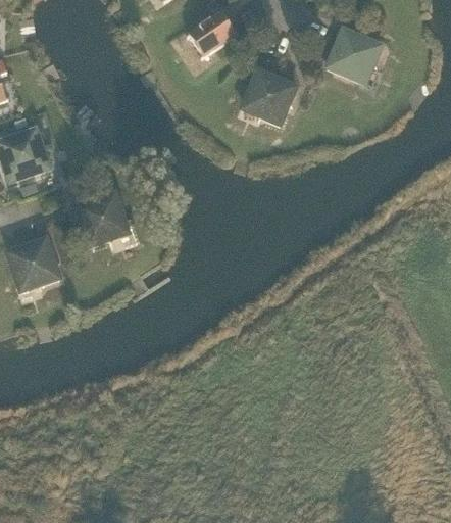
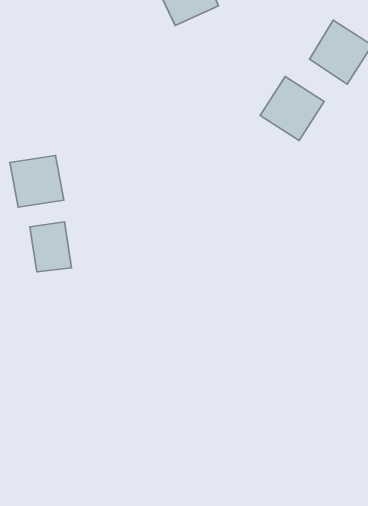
building: [242,69,297,125] -> [260,77,324,141]
building: none -> [30,222,71,272]

